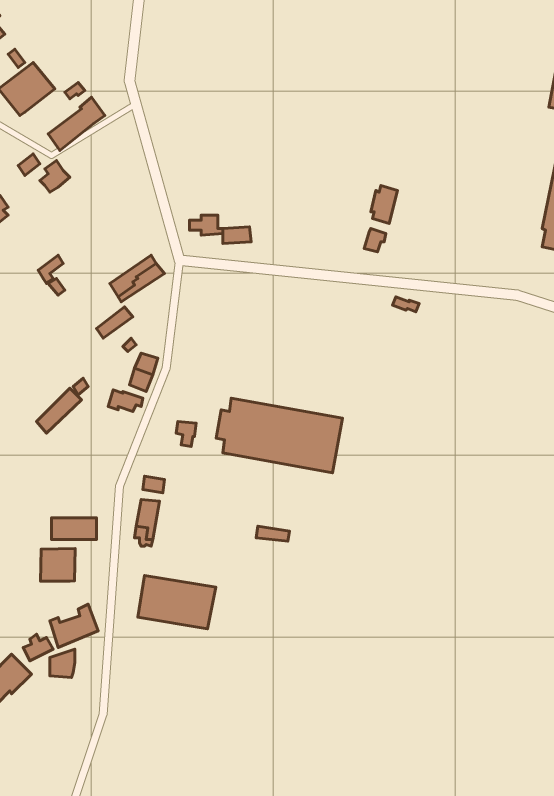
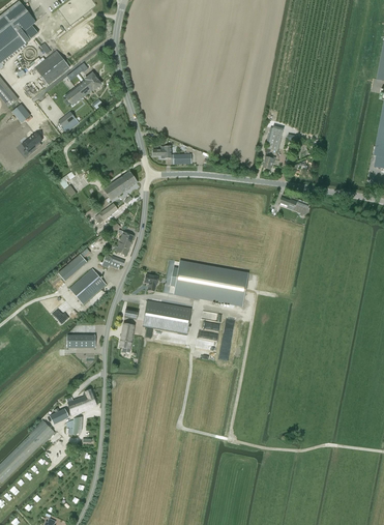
building: none -> [69,268,106,303]
building: [41,549,75,581] -> none
building: [138,576,216,629] -> [143,300,191,333]

